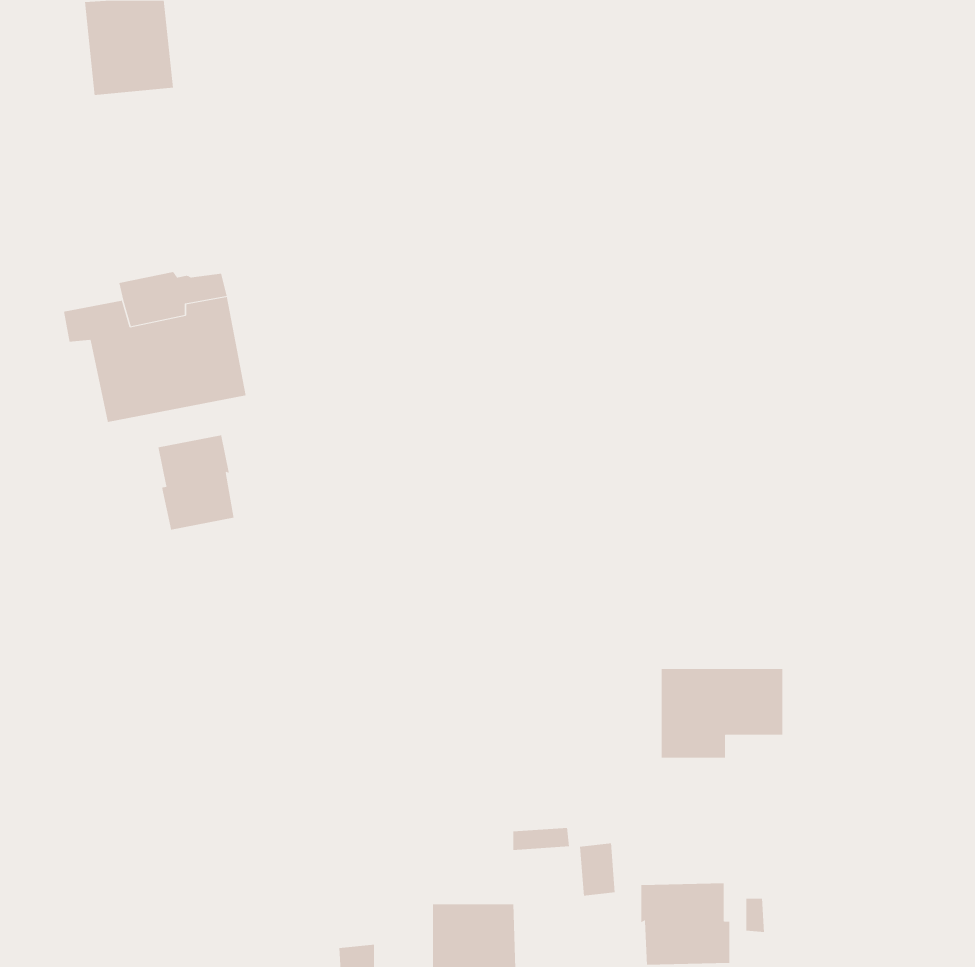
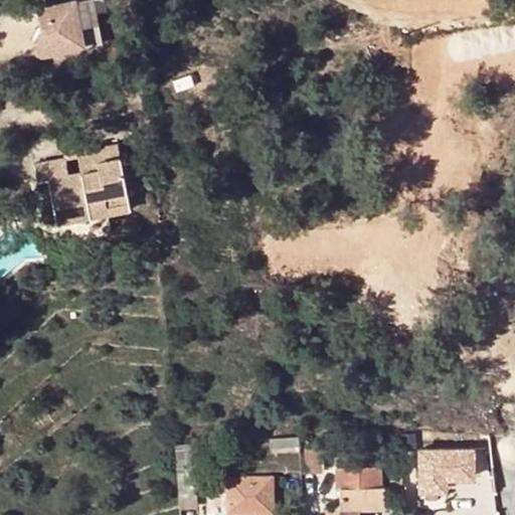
building: [158,435,234,530] -> none
building: [661,668,783,758] -> [422,449,487,496]

